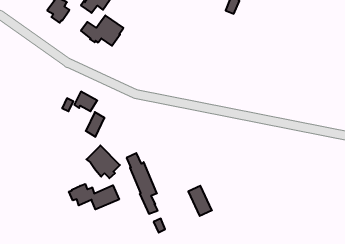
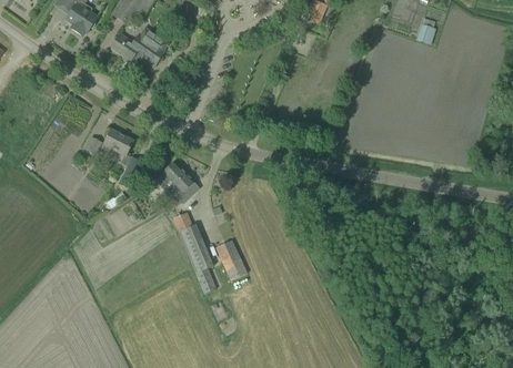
building: [86,145,120,178] -> [154,159,200,203]
building: [69,184,119,209] -> none
building: [188,186,212,216] -> [215,237,248,278]

